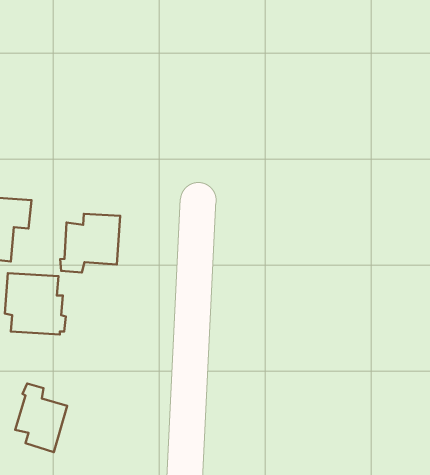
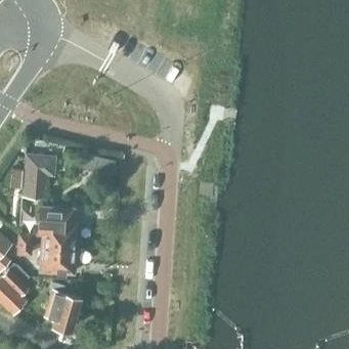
building: [60,214,120,273] -> none
building: none -> [40,248,76,274]

